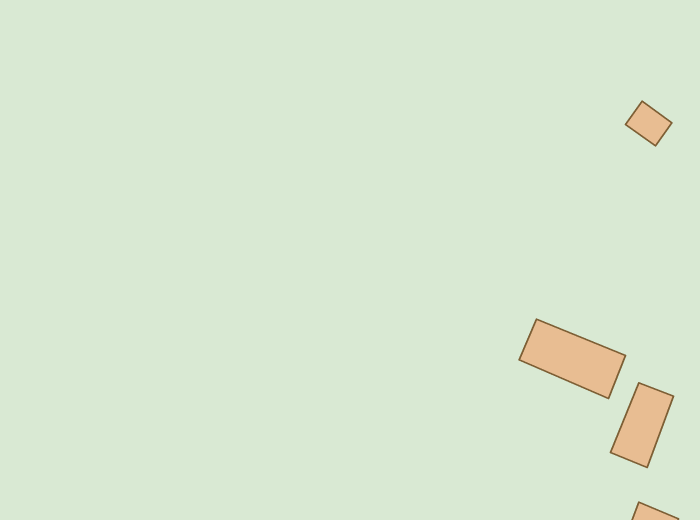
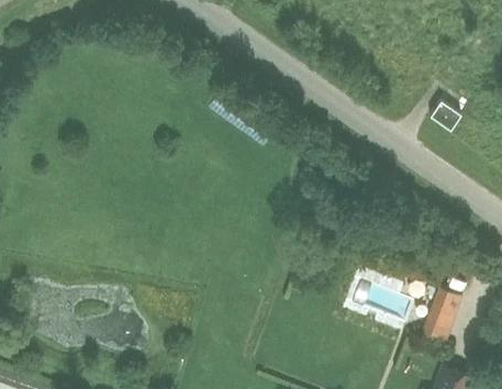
building: [519,319,626,399] -> none

